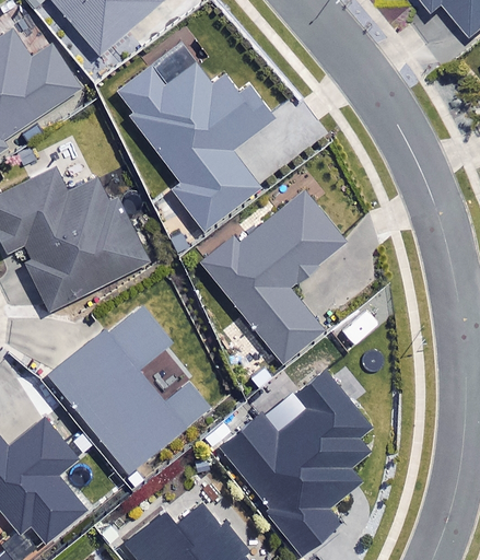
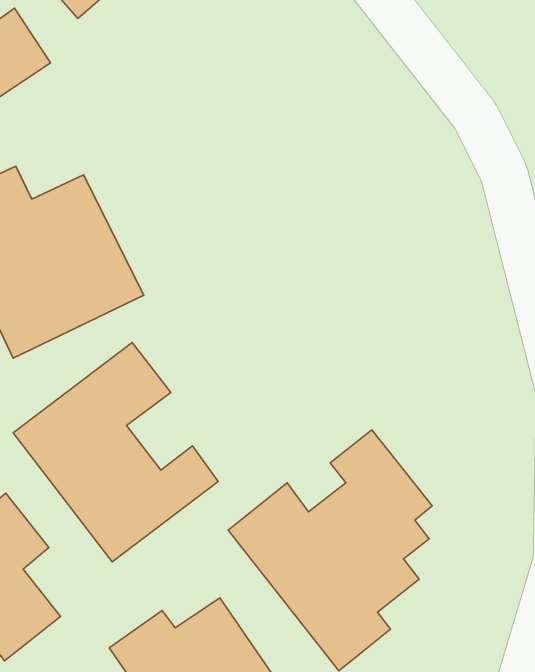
building: [114,58,271,229] -> none
building: [199,190,343,362] -> none

